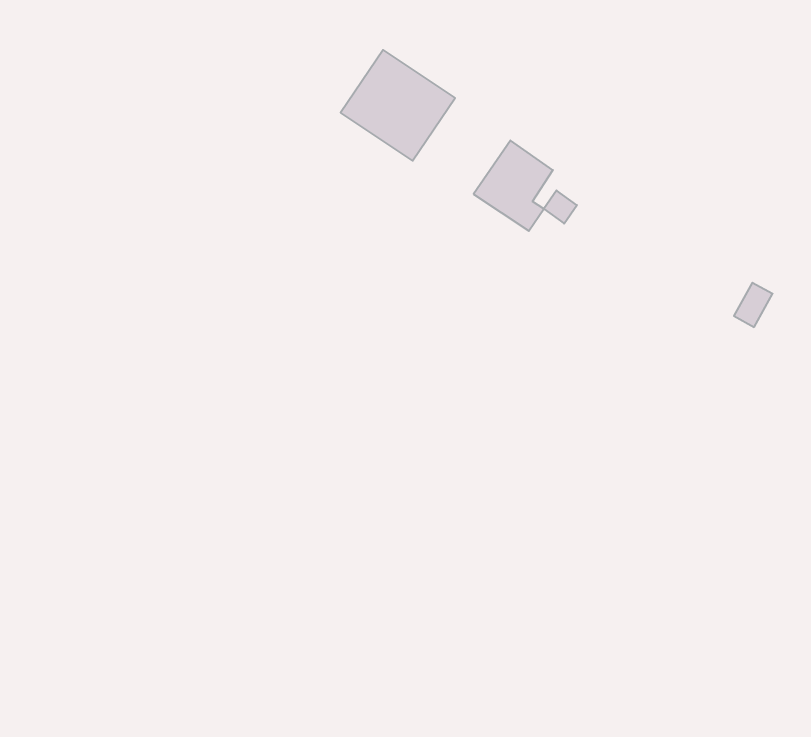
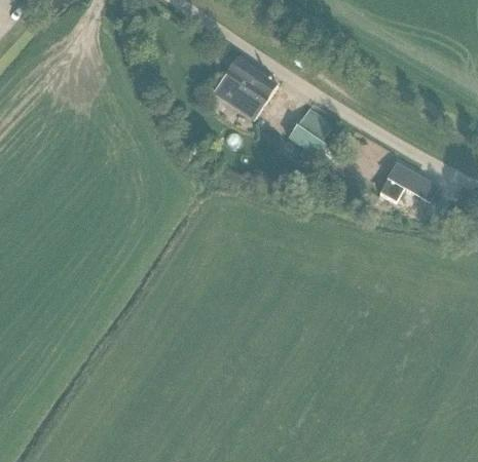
building: none -> [379,163,439,203]

